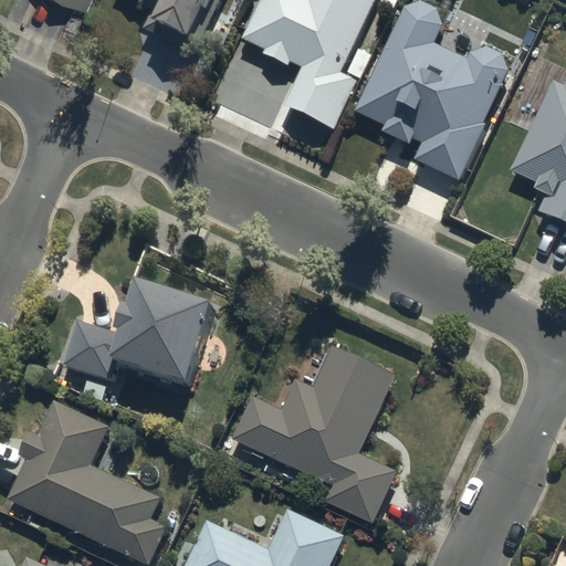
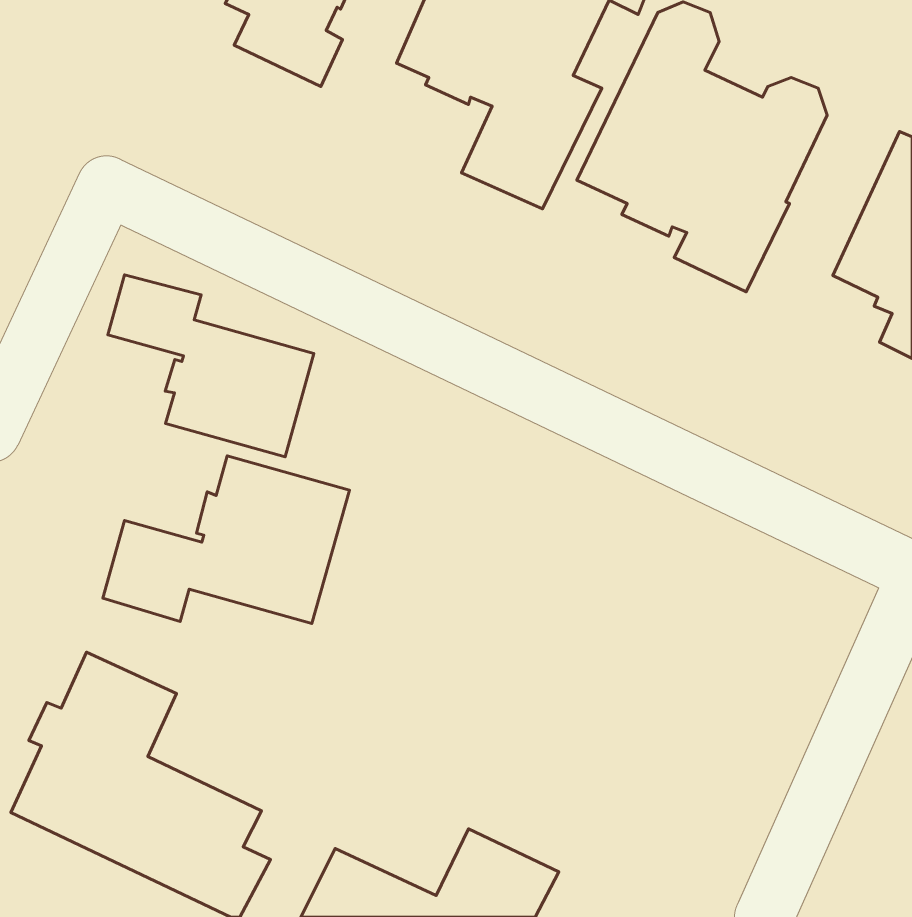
building: none -> [108,275,314,457]
building: [232,343,396,524] -> none

